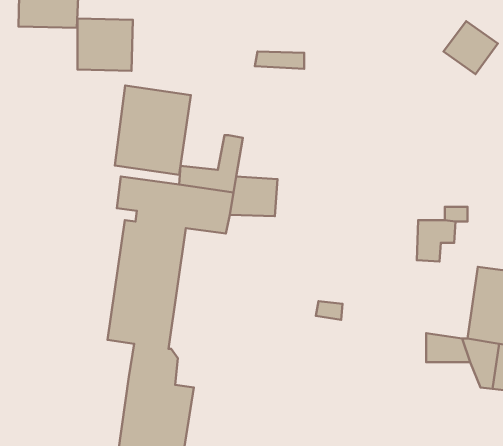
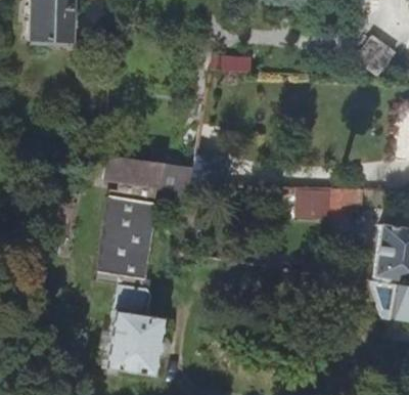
building: [77,18,133,71] -> none
building: [115,85,191,175] -> none
building: none -> [300,190,335,220]

